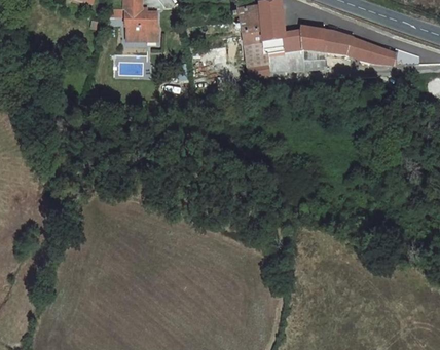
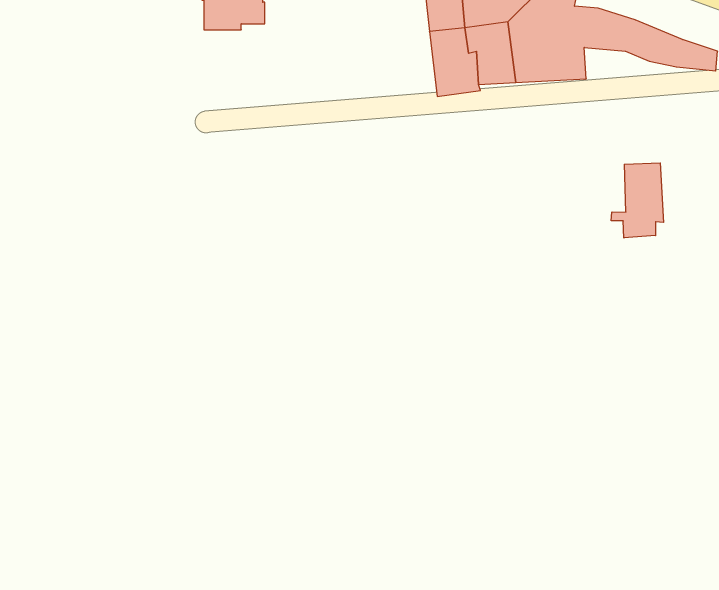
building: none -> [611,163,664,238]

